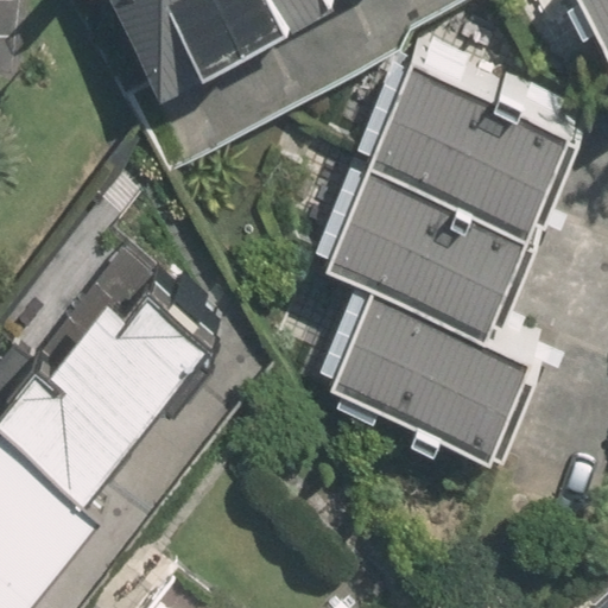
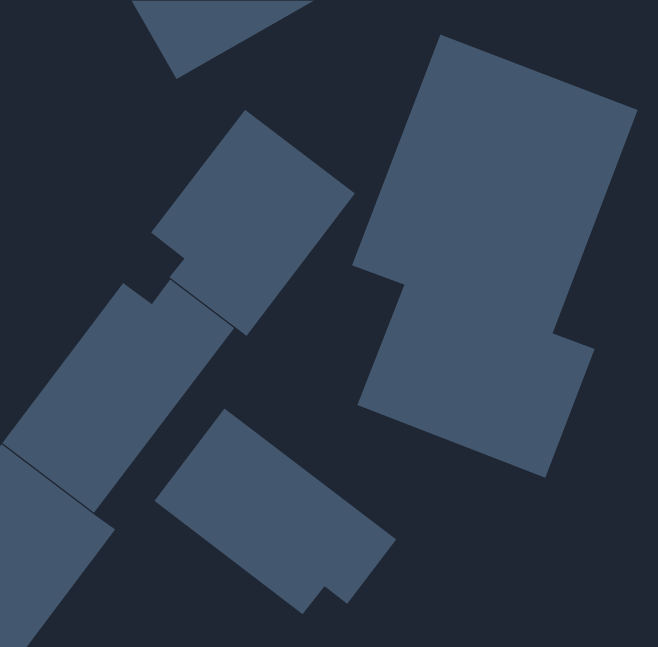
building: none -> [150,109,356,337]
building: none -> [153,408,397,615]

